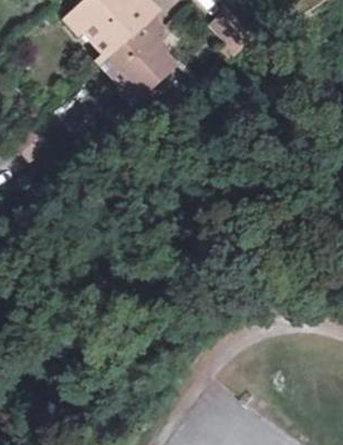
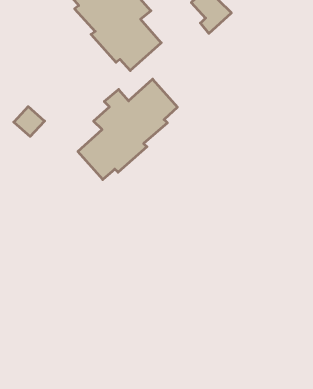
building: none -> [78,79,177,180]

